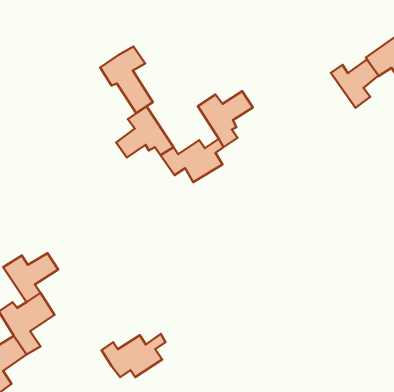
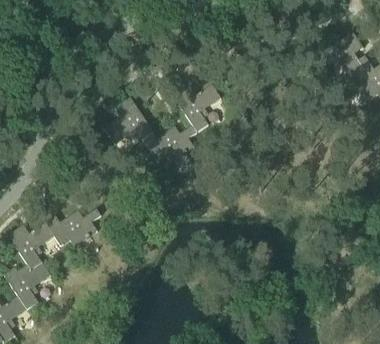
building: [100,47,153,113] -> none
building: [331,60,378,108] -> none
building: [101,334,166,377] -> [44,210,99,247]

